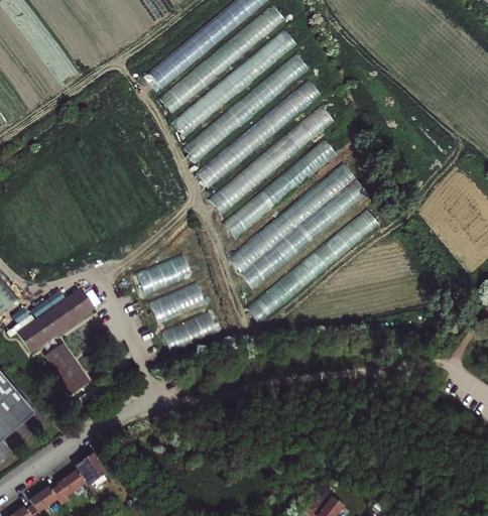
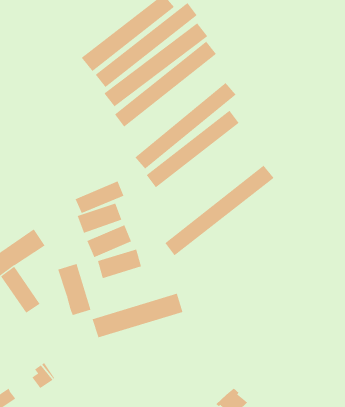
building: [193,82,322,186] -> none
building: [226,164,368,285] -> none
building: none -> [75,180,124,214]
building: none -> [57,263,91,316]
building: none -> [92,293,183,338]
building: [52,471,87,504] -> none

